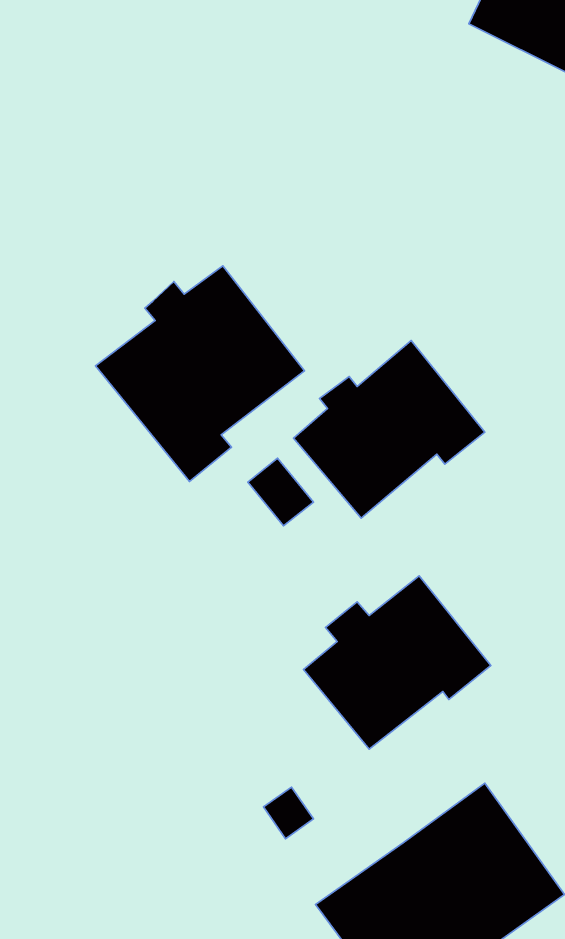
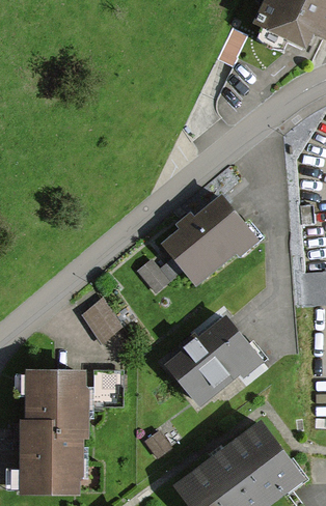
building: [95,266,304,482] -> none
building: none -> [81,296,123,338]
building: none -> [18,371,88,493]

